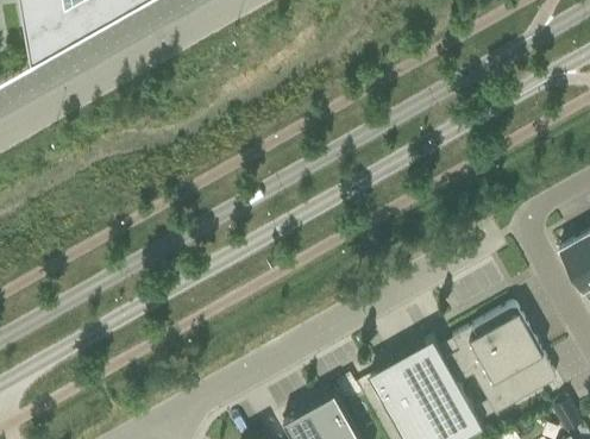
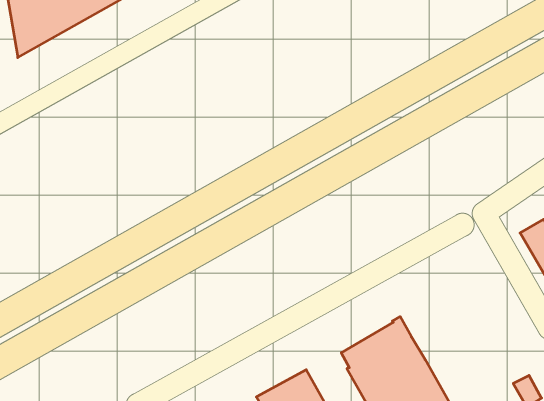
building: [445,306,556,415] -> none

